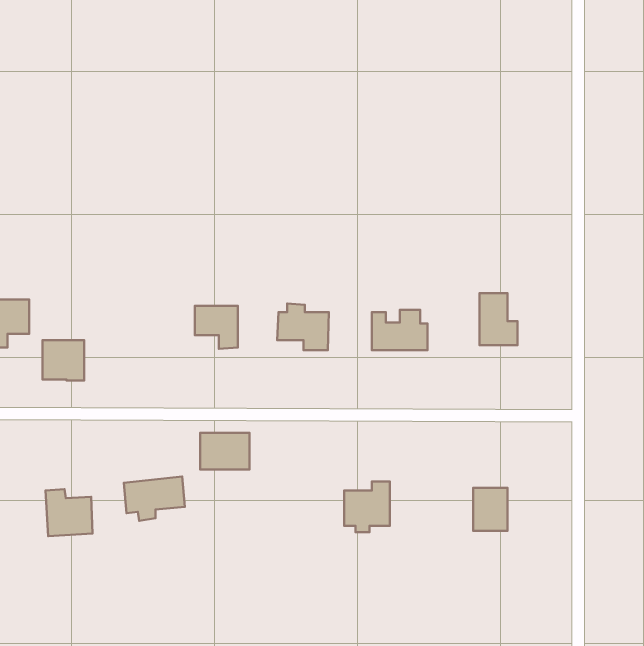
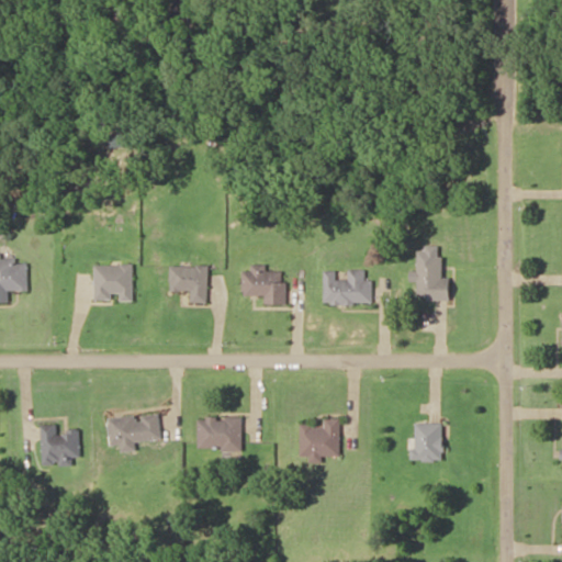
building: [42,340,84,381] -> [94,266,131,301]
building: [200,433,249,469] -> [198,418,240,450]

